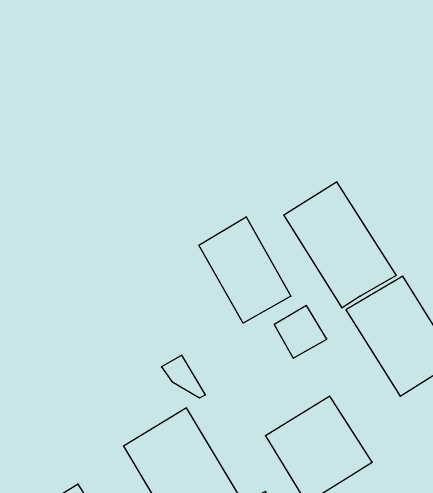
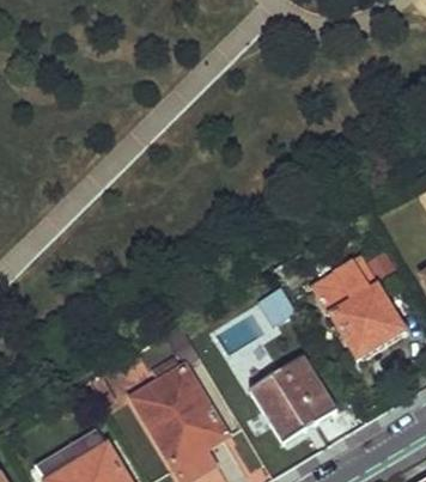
building: [284,182,396,308] -> none
building: [199,217,291,323] -> none

